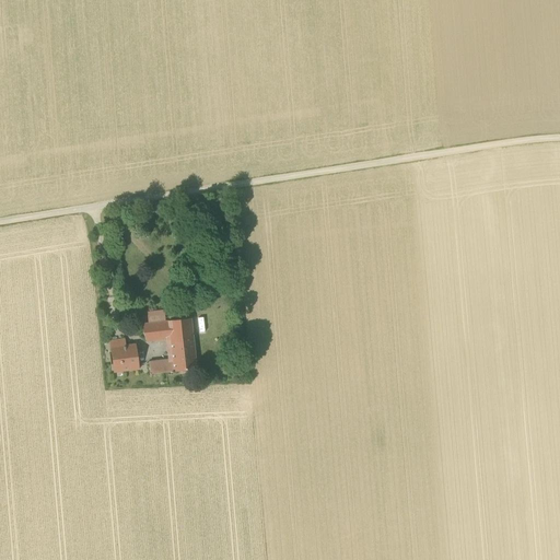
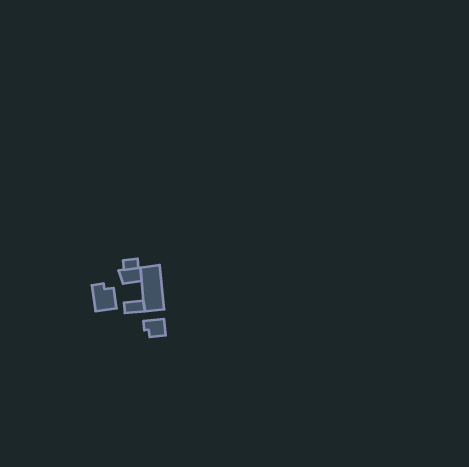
building: none -> [144,319,166,337]

